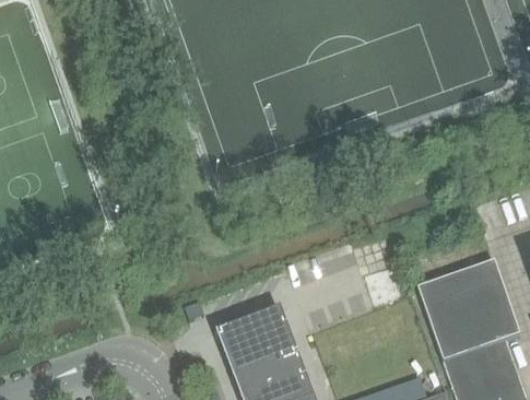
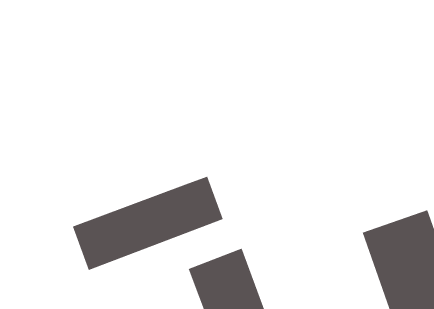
building: none -> [72,176,224,271]

